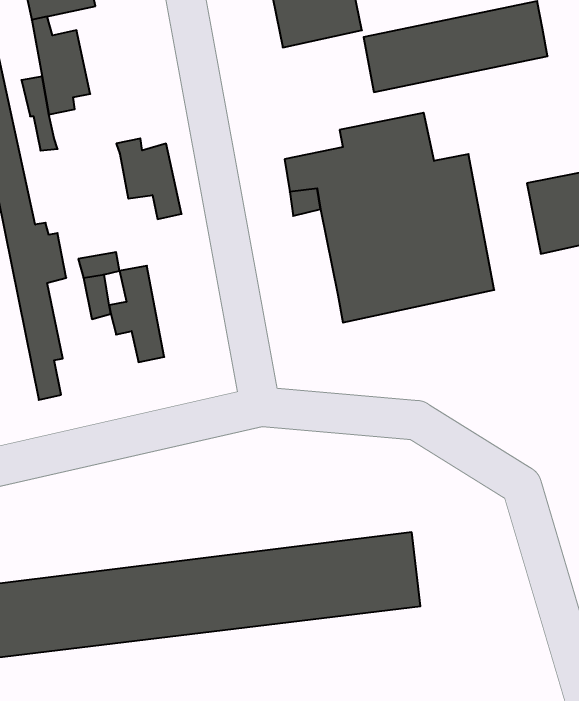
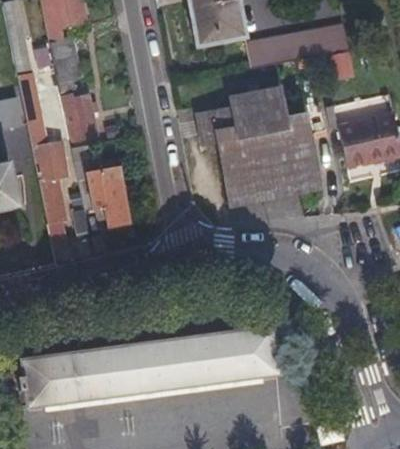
building: [116,138,182,219] -> [64,96,102,143]

